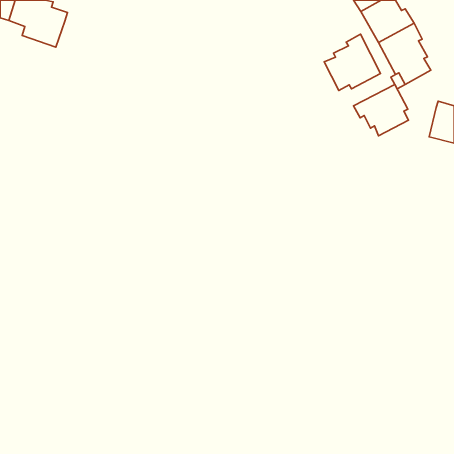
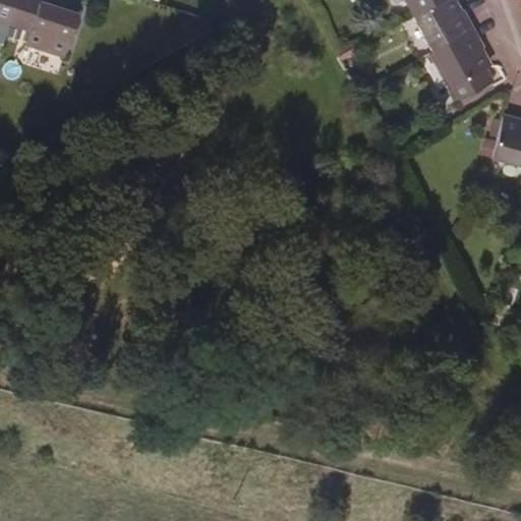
building: [324,34,380,90] -> none
building: [353,84,408,136] -> none

